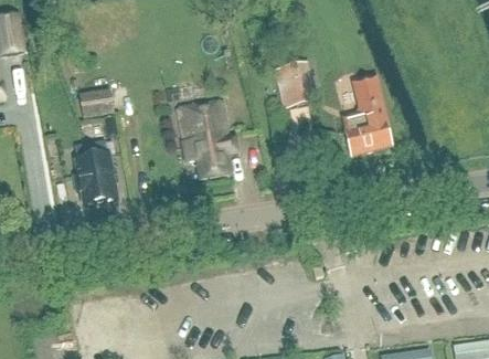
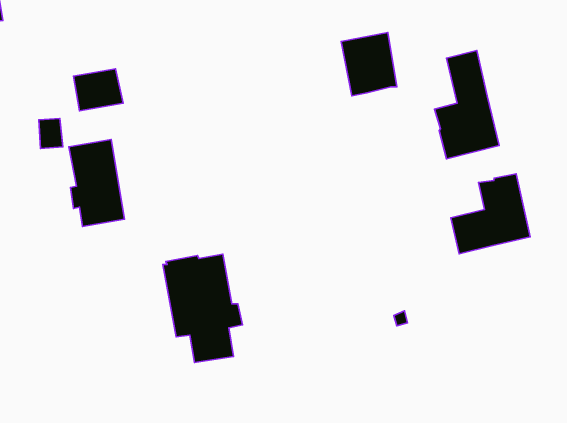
building: [180,99,238,179] -> [163,254,242,362]
building: none -> [451,174,530,254]

